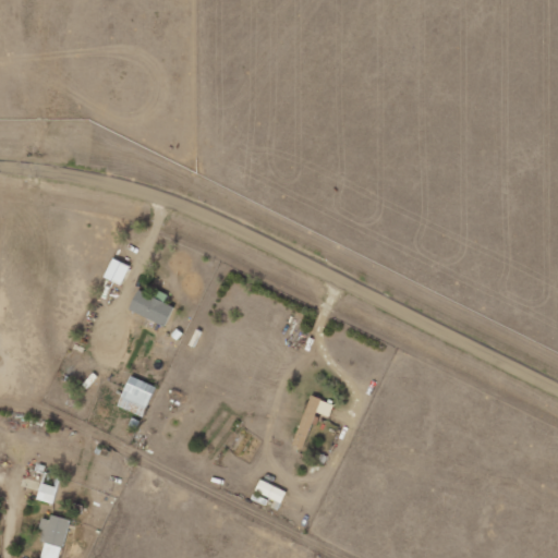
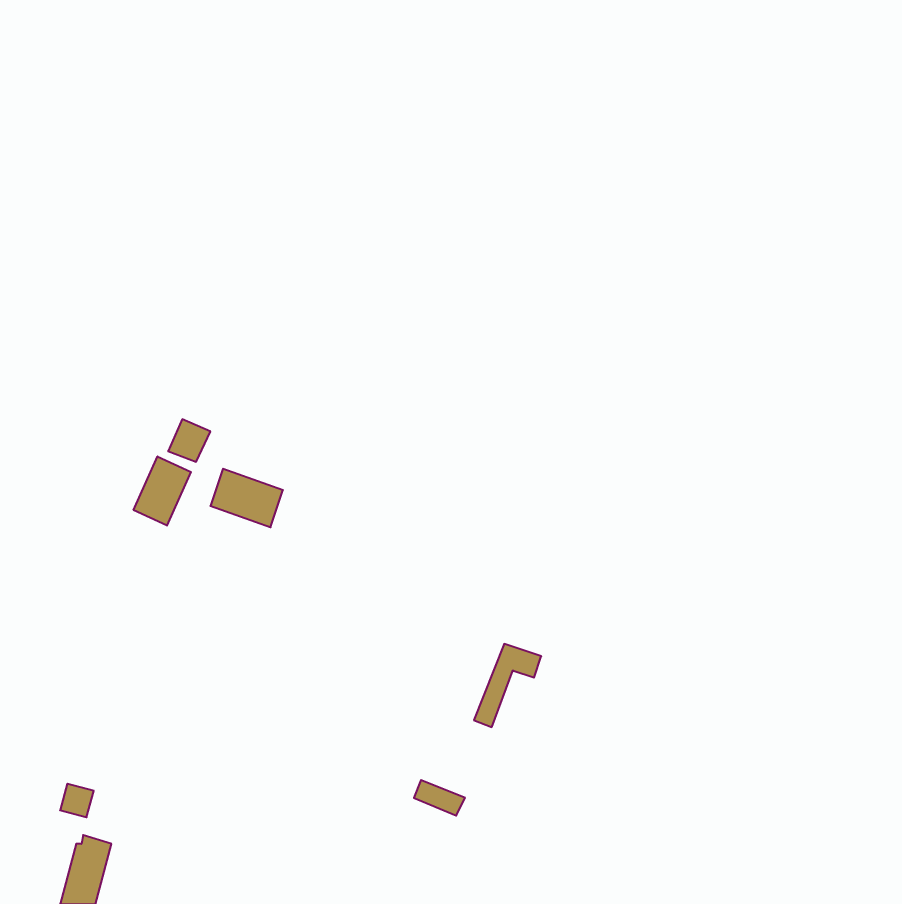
building: none -> [134,456,191,526]
building: [117,376,156,417] -> none

